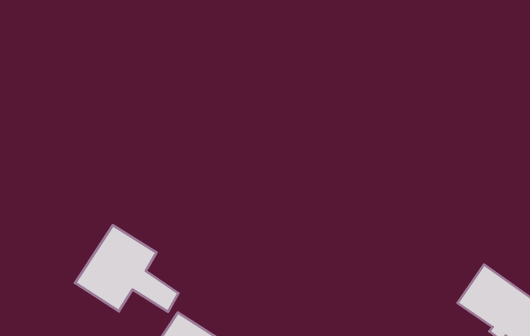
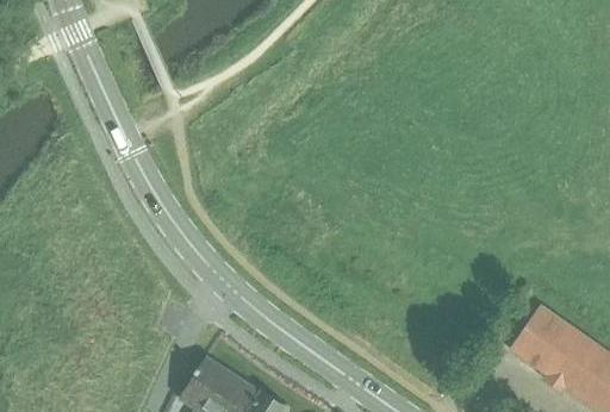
building: [75,225,178,312] -> none

